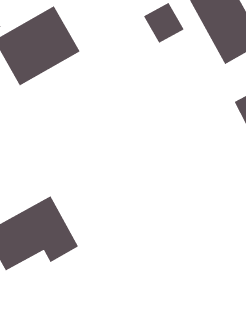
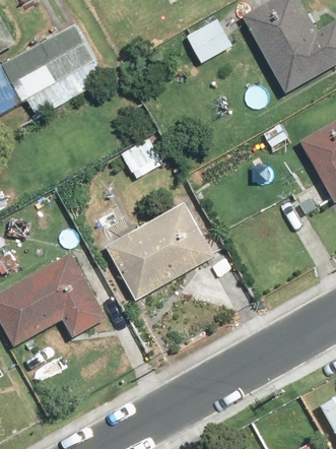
building: none -> [105,200,216,302]

